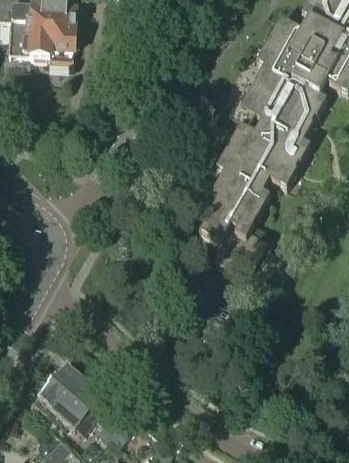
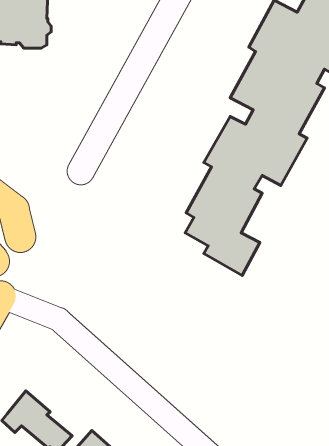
building: [55,364,104,418] -> none

